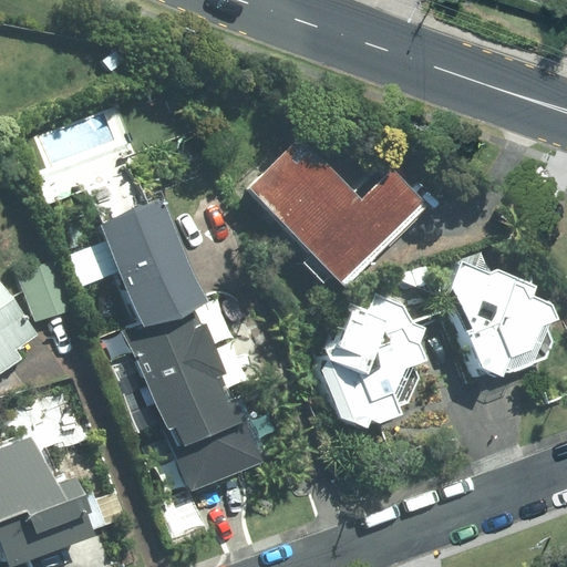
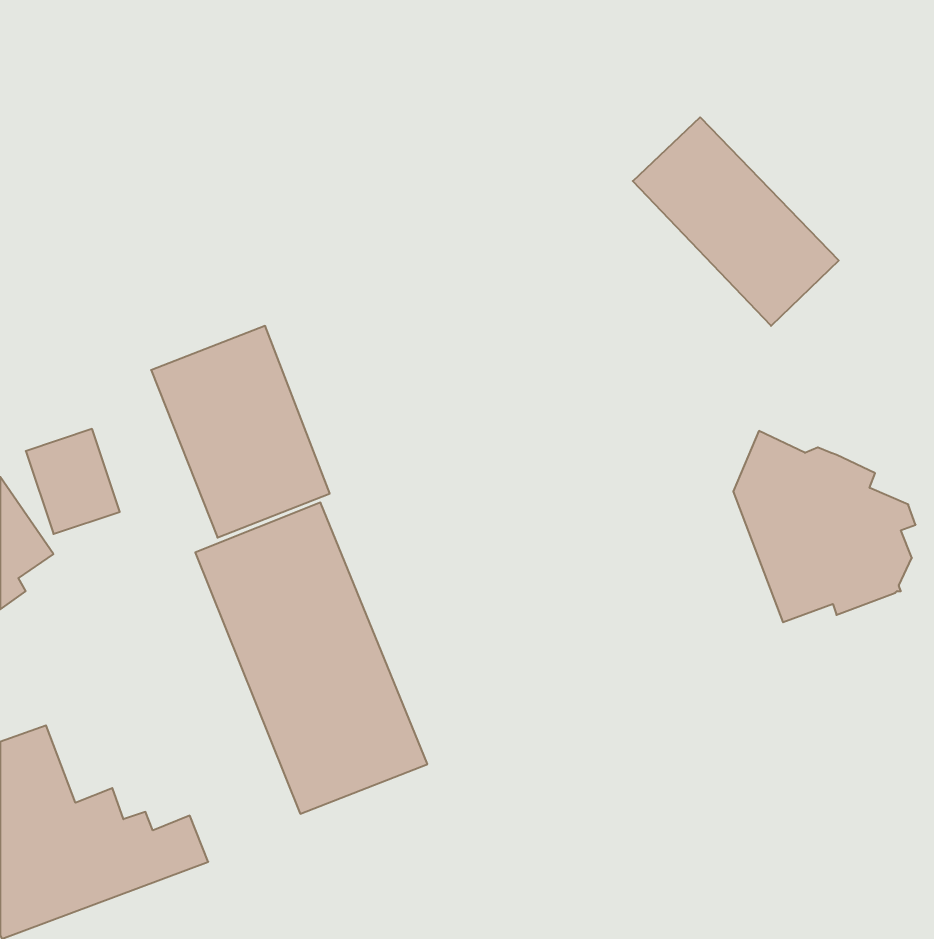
building: none -> [633,117,839,326]
building: [251,144,425,287] -> none
building: [321,286,423,426] -> none

